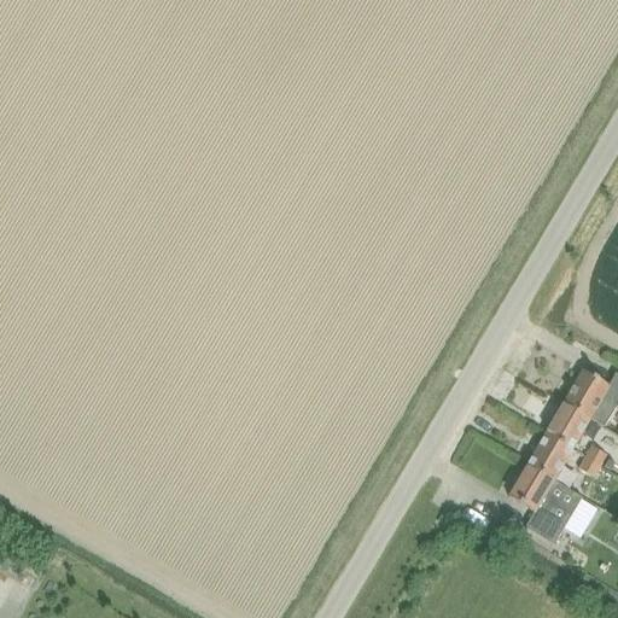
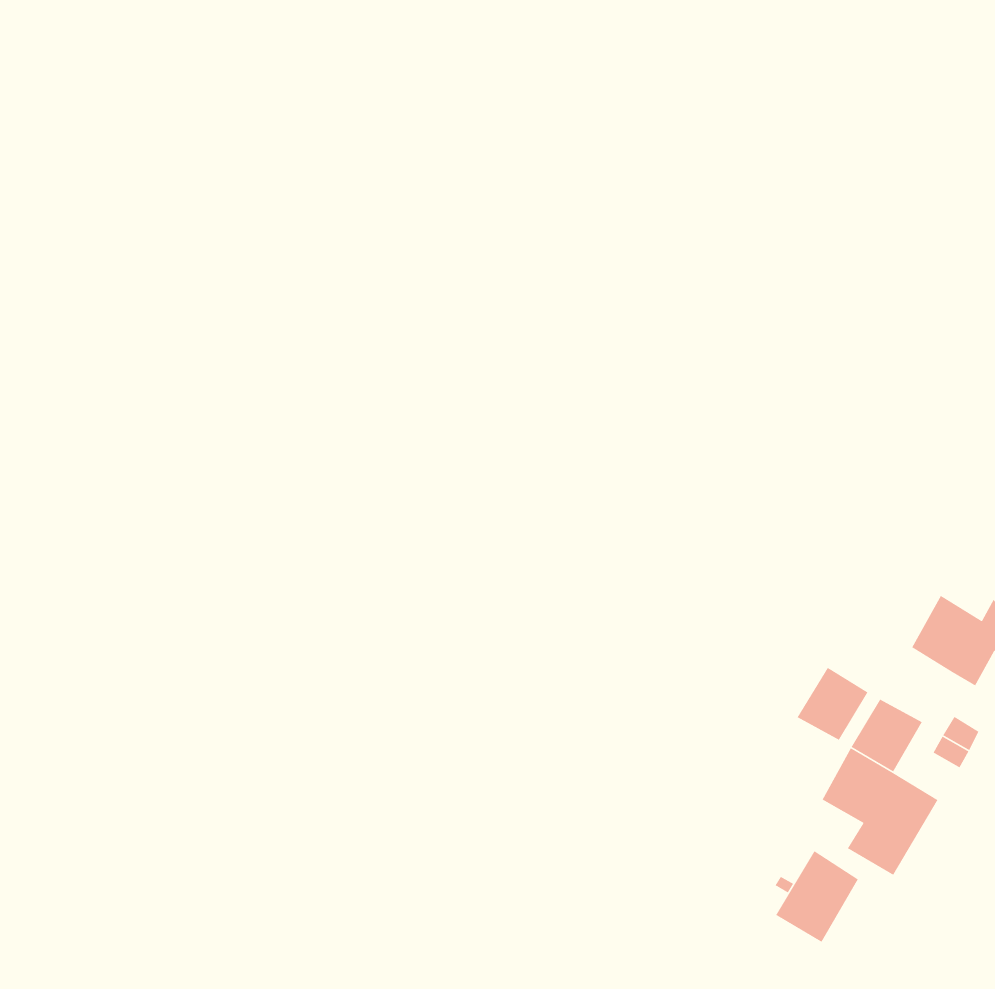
building: [546,401,590,447] -> [796,667,869,741]
building: none -> [775,850,859,943]

